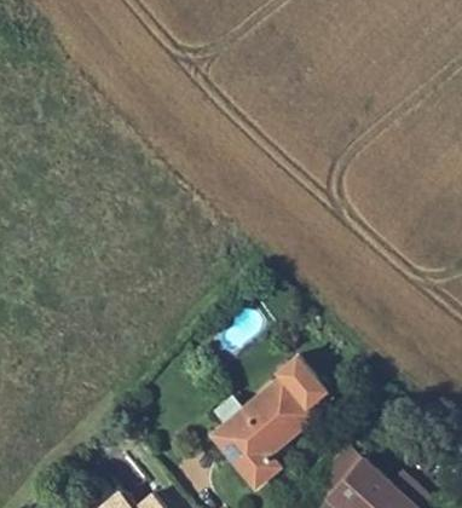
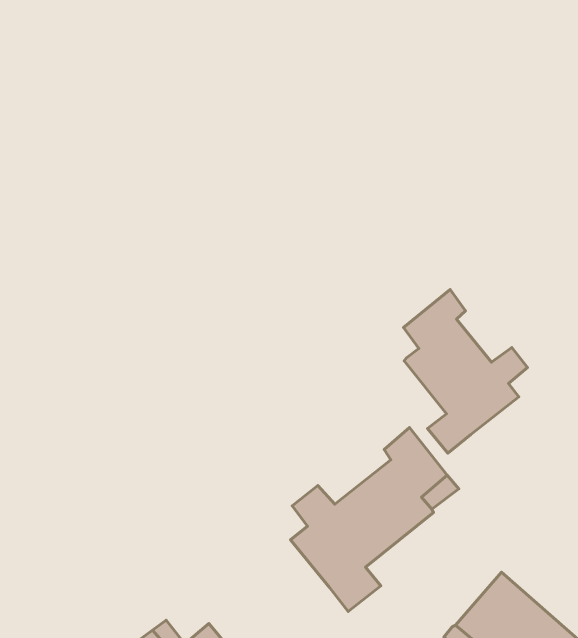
building: none -> [404,290,528,453]

